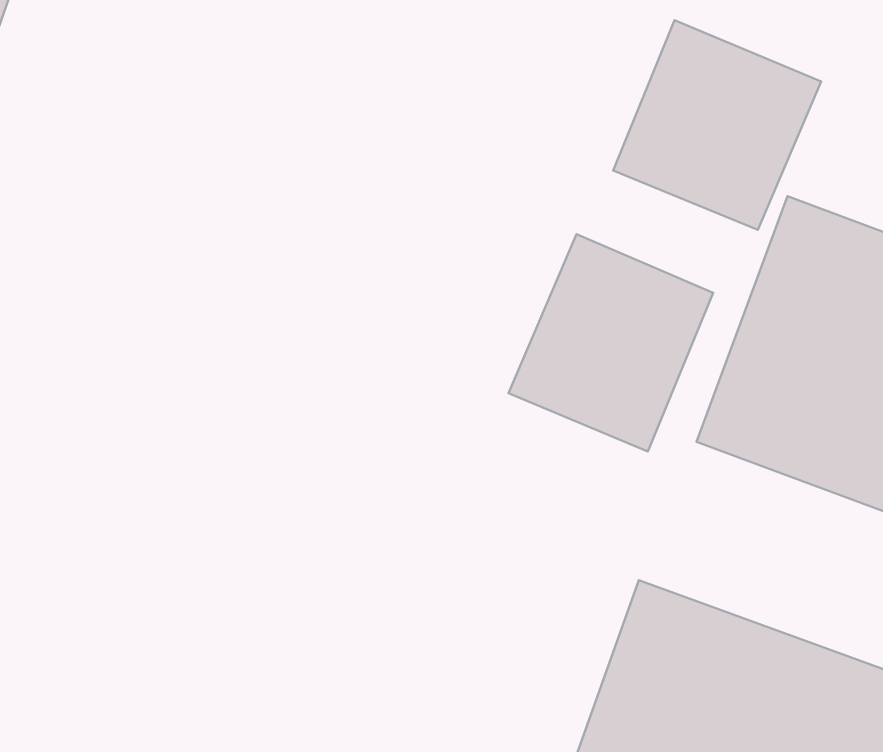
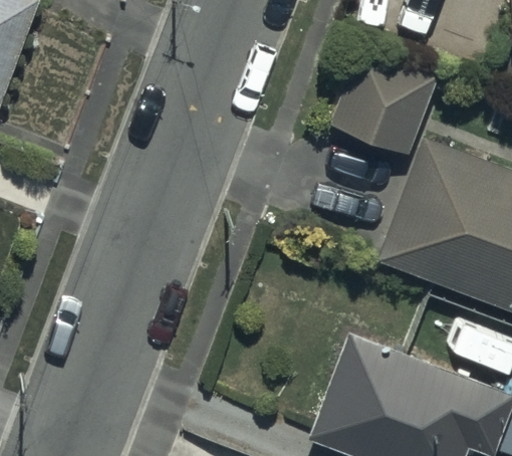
building: [508,234,713,451] -> none

